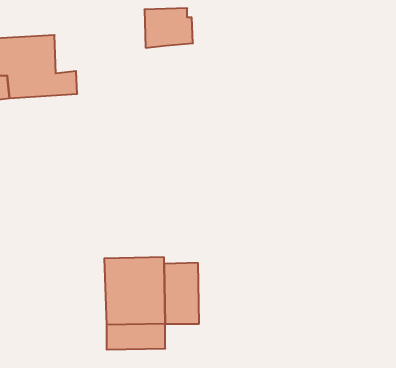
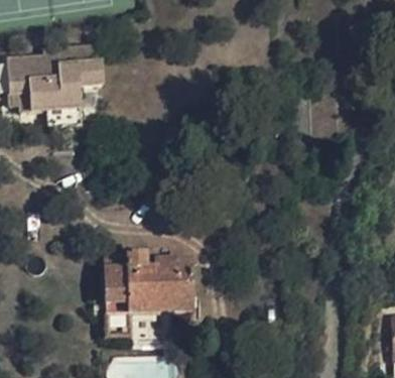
building: [144,8,193,48] -> [56,54,100,90]

